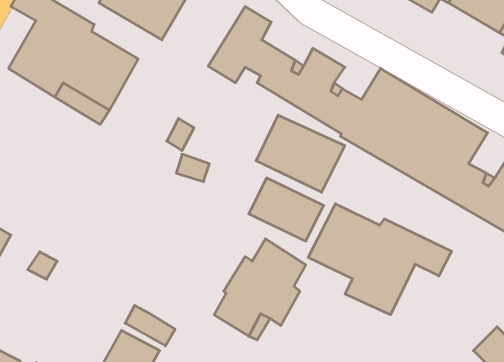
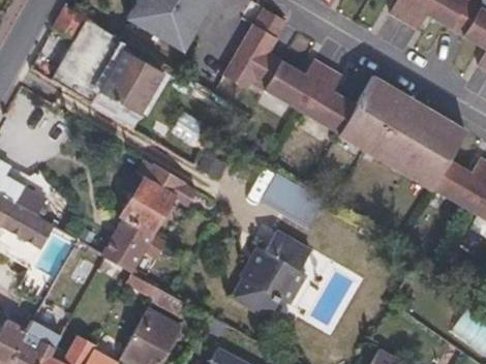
building: [256,115,345,192] -> none
building: none -> [107,156,194,267]
building: [308,204,452,315] -> none

